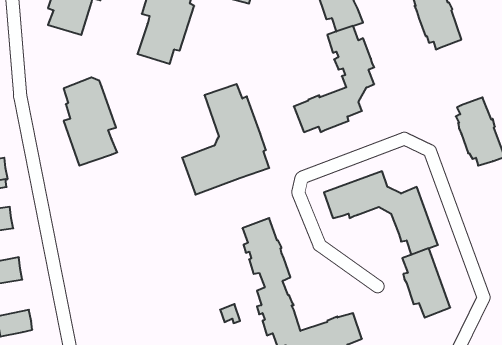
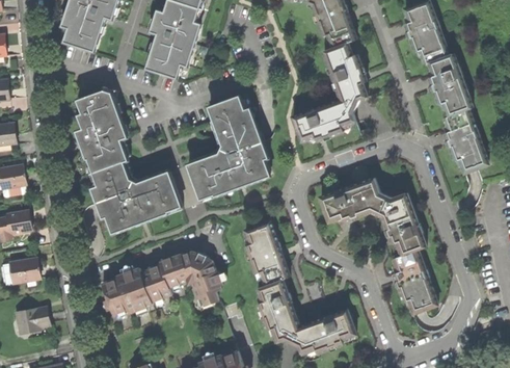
building: none -> [428,54,473,116]
building: none -> [92,162,181,232]
building: none -> [102,252,222,316]

